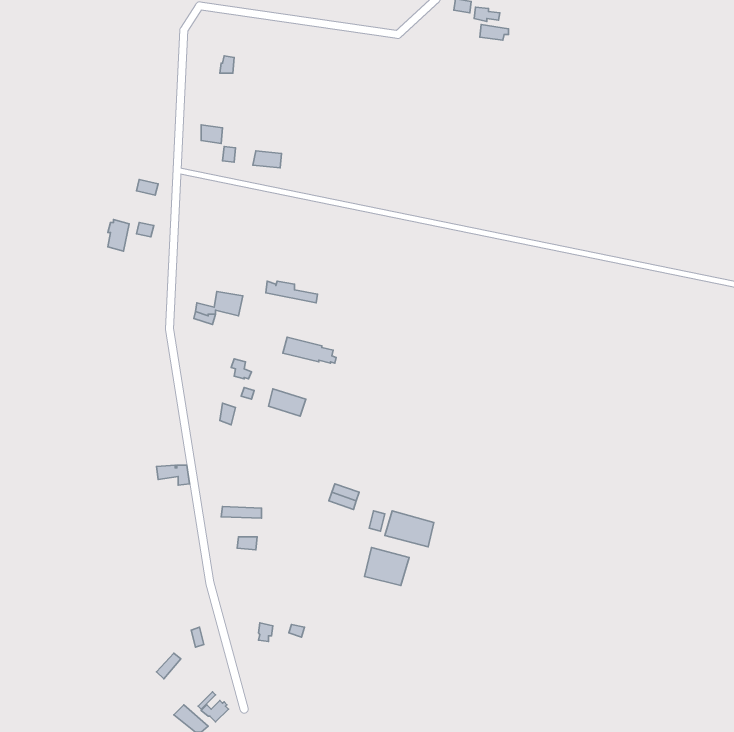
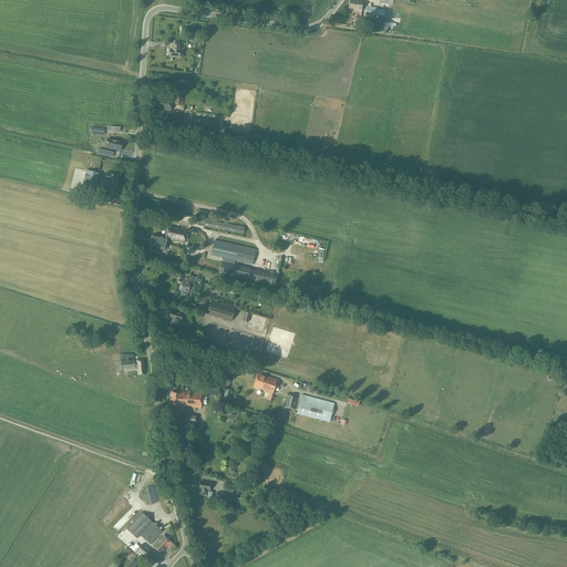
building: none -> [212,239,256,265]
building: [365,548,409,586] -> none
building: none -> [126,512,162,544]

